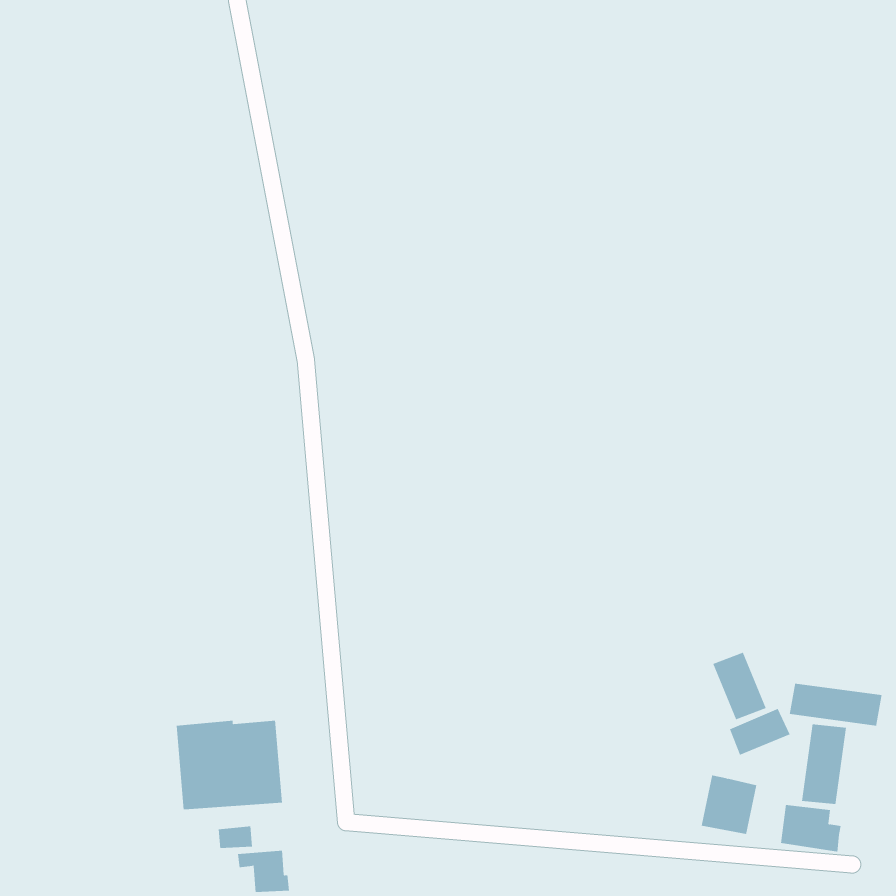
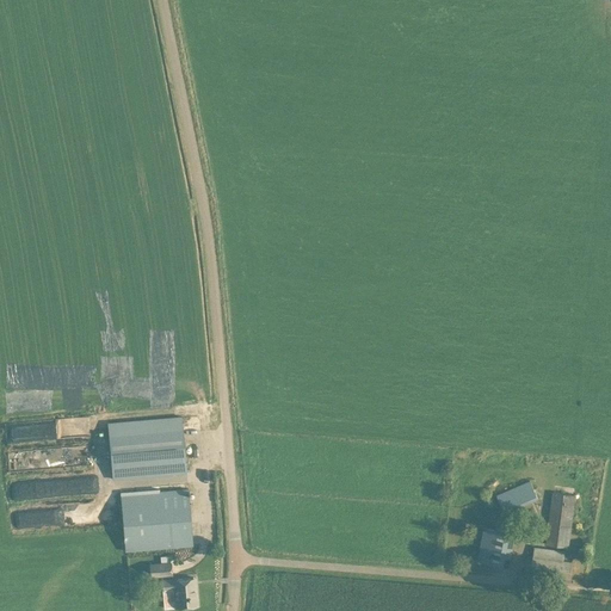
building: none -> [107,416,185,480]
building: [712,652,767,720] -> none
building: [789,683,882,726] -> none

